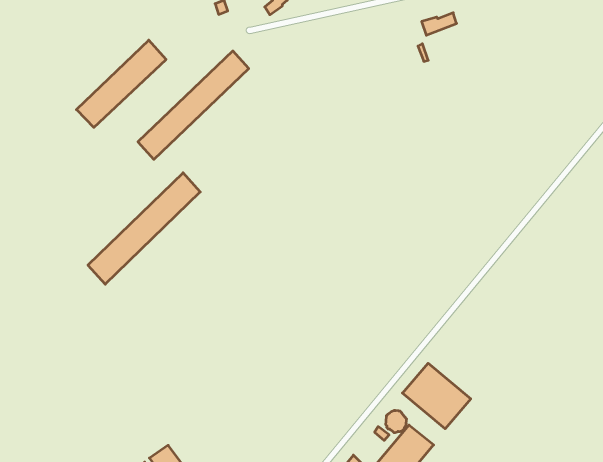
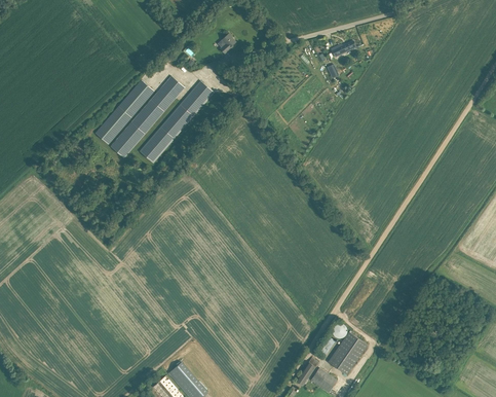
building: [88,173,200,284] -> [110,75,184,158]
building: [402,363,471,429] -> none

